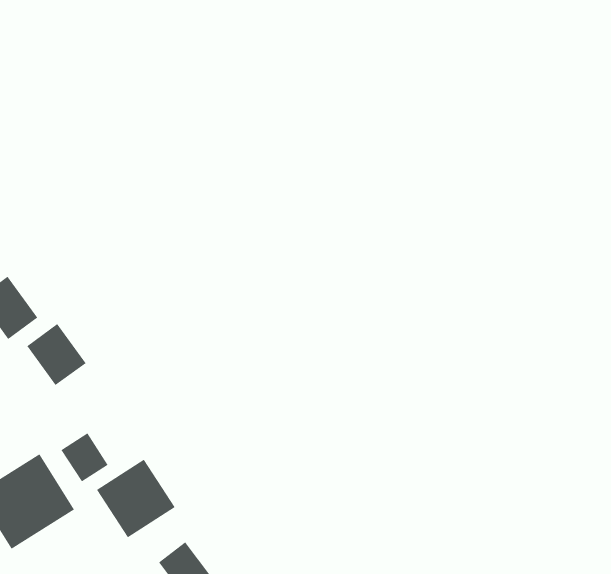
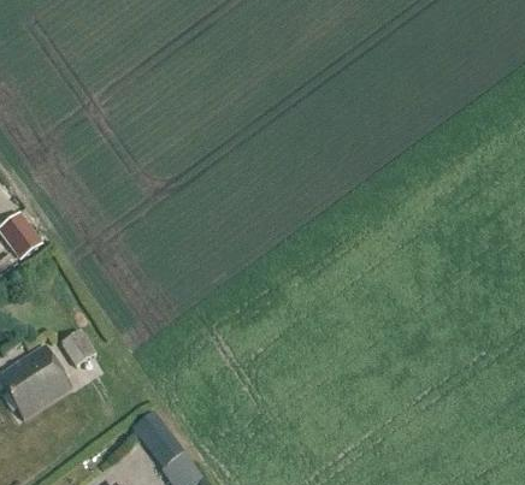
building: [26,323,86,386] -> none
building: [96,459,175,538] -> none

